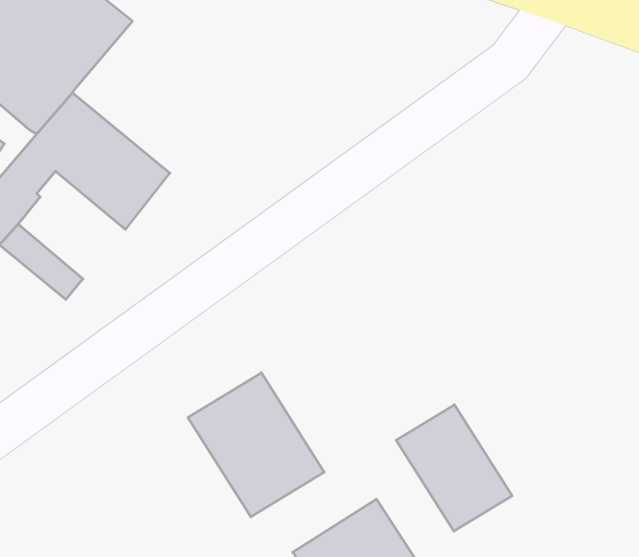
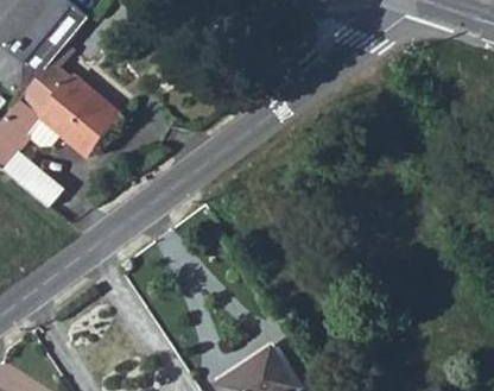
building: [188,373,324,517] -> none
building: [396,405,512,531] -> none

